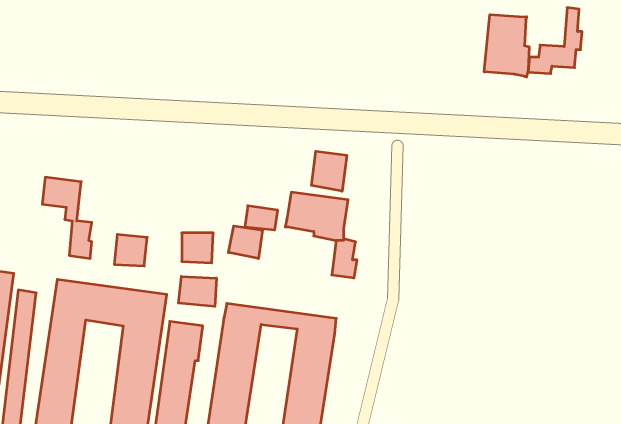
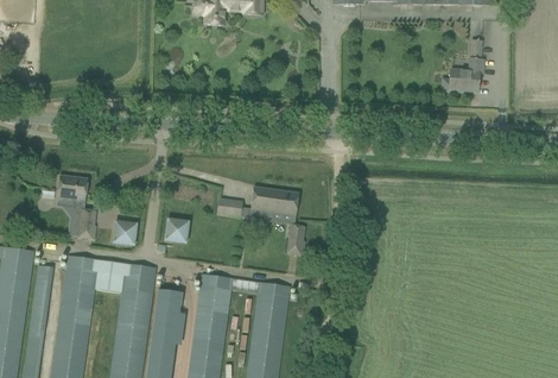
building: [484,15,529,77] -> none
building: [311,151,347,191] -> none
building: [228,226,263,259] -> none
building: [178,276,216,306] -> none

